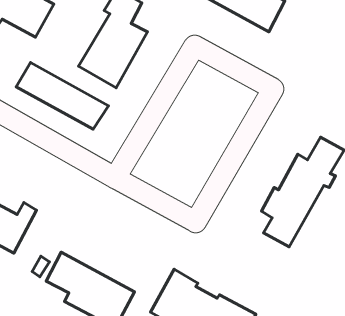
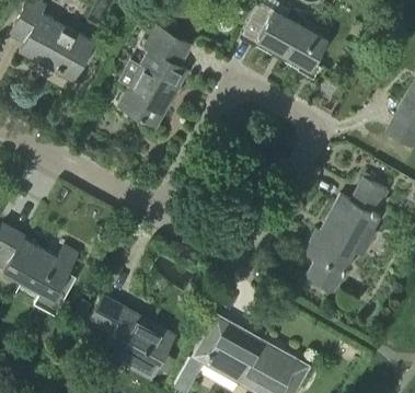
building: [16,63,108,129] -> none

